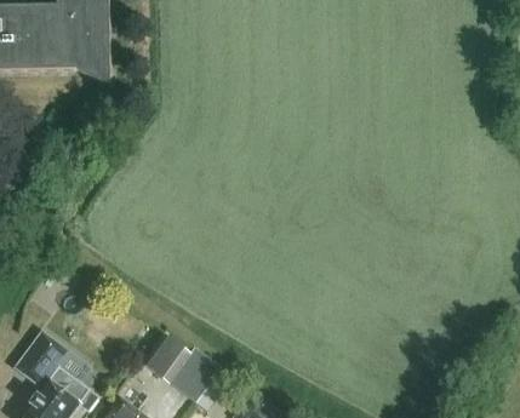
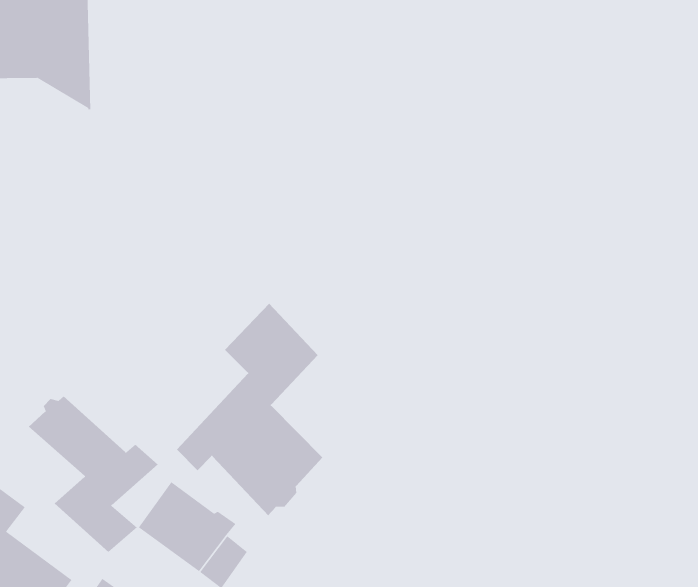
building: none -> [176,303,323,516]
building: none -> [28,395,158,553]

